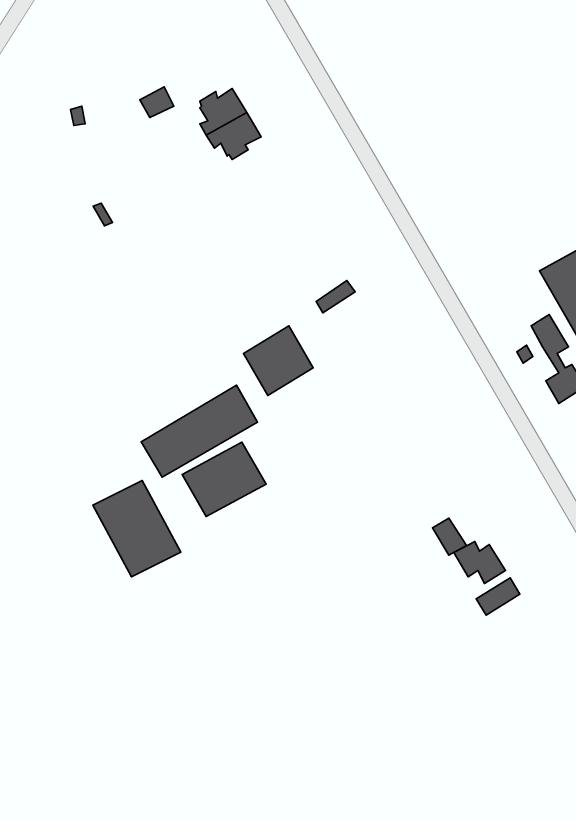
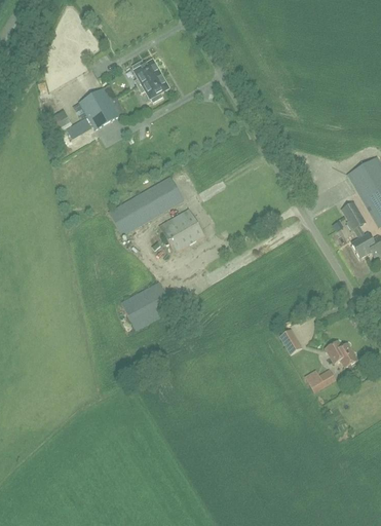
building: none -> [79,87,119,129]
building: [141,385,258,477] -> [109,176,183,234]
building: [93,480,181,577] -> none
building: [454,541,505,583] -> [325,340,357,367]

